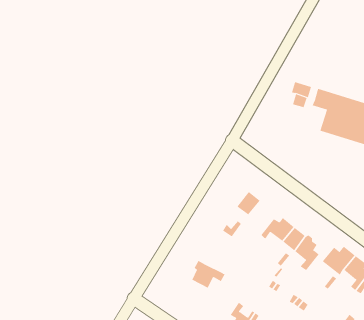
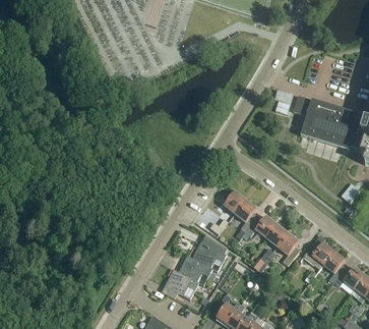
building: none -> [233,200,256,231]
building: none -> [193,234,226,267]
building: none -> [161,269,197,298]

